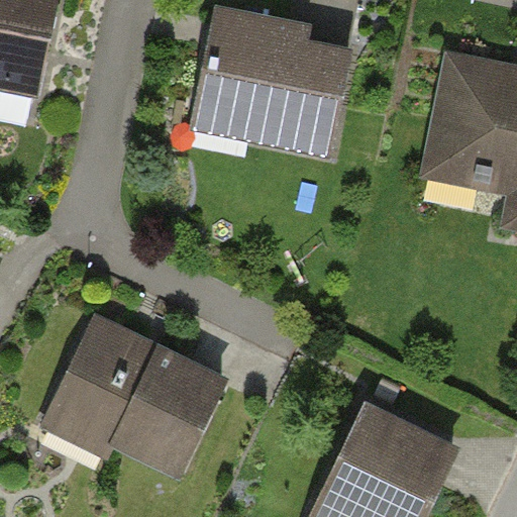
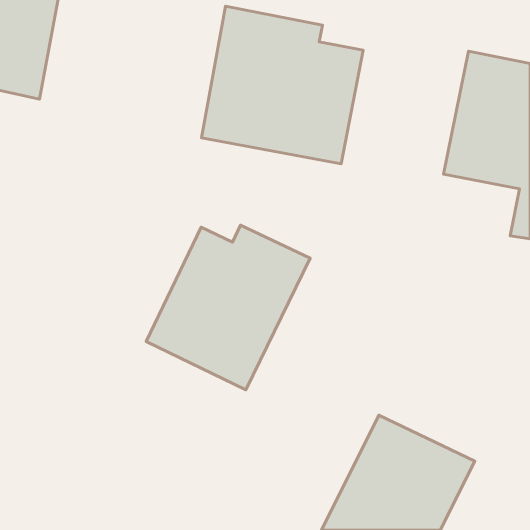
building: none -> [146,225,310,390]
building: [38,312,230,486] -> none

